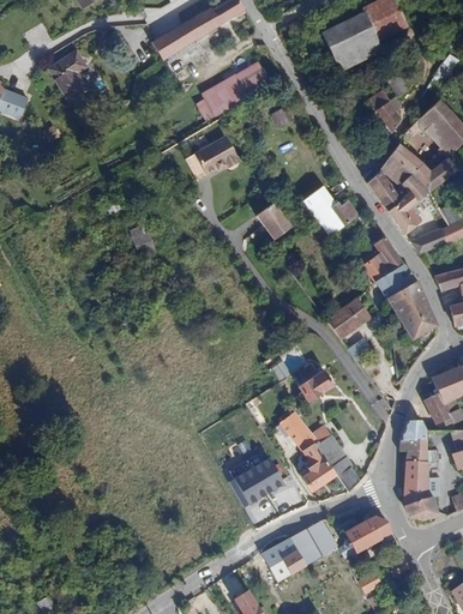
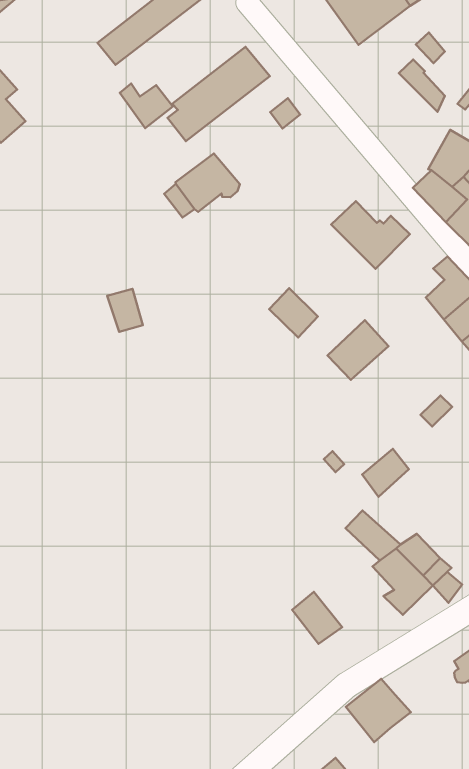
building: none -> [120,84,173,128]
building: [257,203,291,240] -> [269,288,318,338]
building: [326,297,372,339] -> [327,320,388,380]
building: [251,457,284,495] -> none
building: [290,522,337,565] -> none

